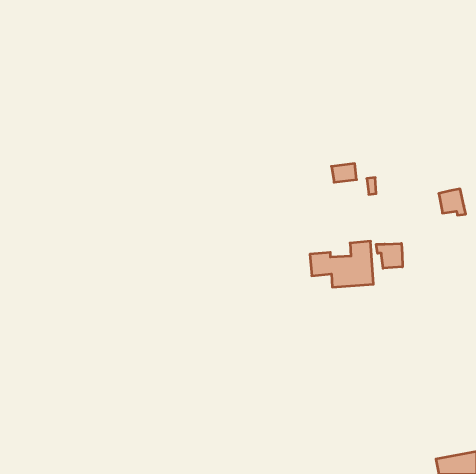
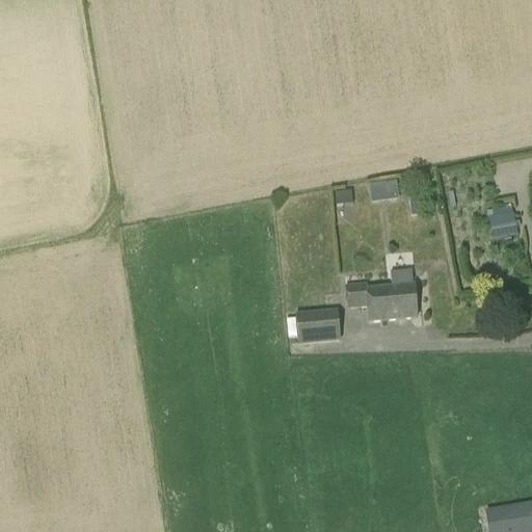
building: [376,243,402,268] -> none
building: none -> [297,308,341,340]

